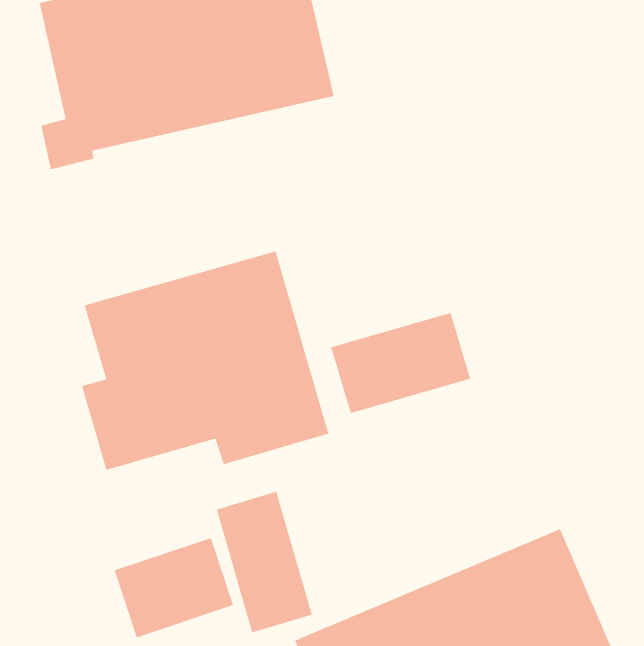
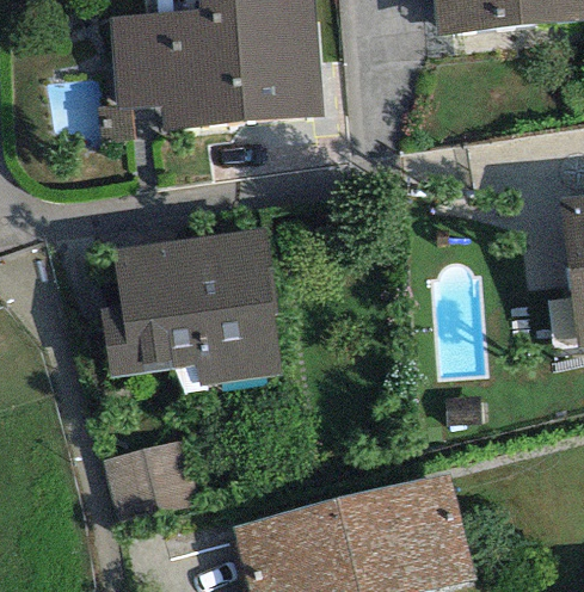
building: [331,312,471,414] -> none
building: [216,491,312,633] -> none

